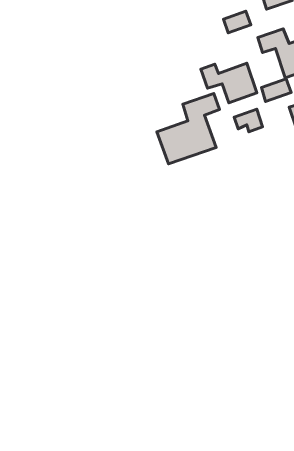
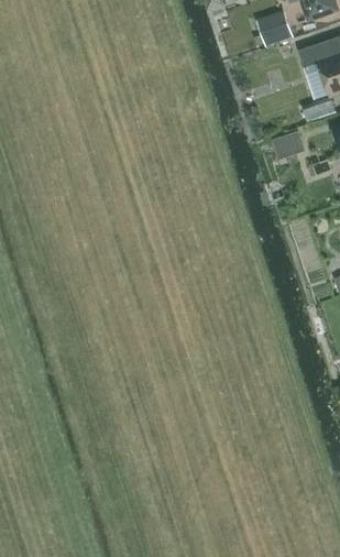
building: [201,63,257,103] -> none
building: [157,93,220,164] -> none

